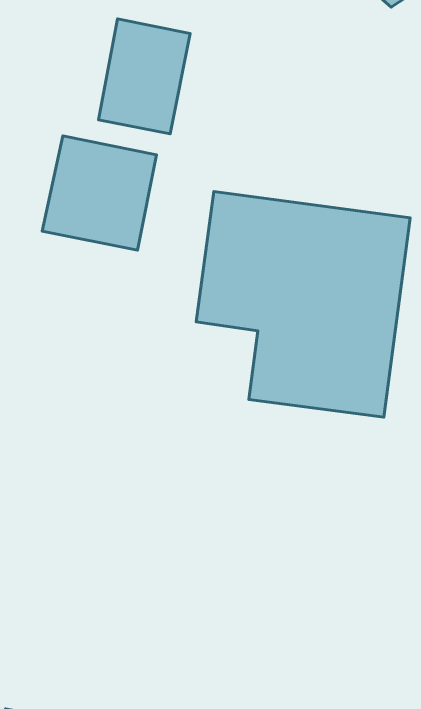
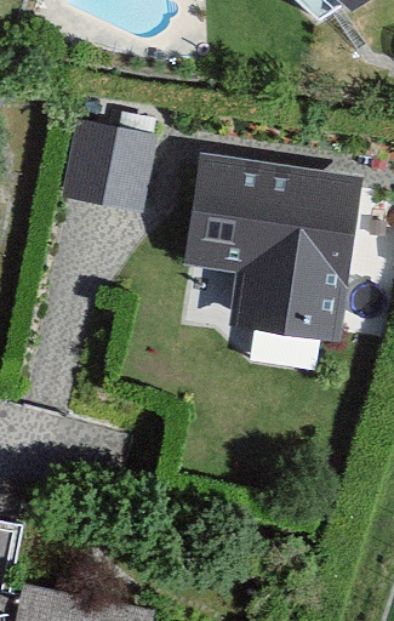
building: [99,19,190,134] -> none

